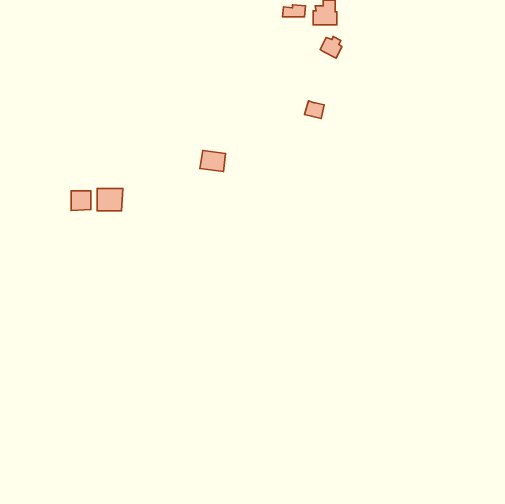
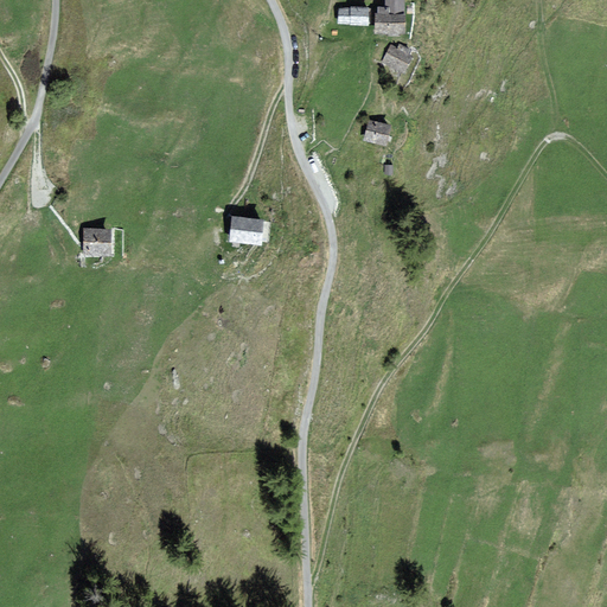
building: [200,151,225,171] -> [231,218,262,243]
building: [97,188,123,211] -> none

